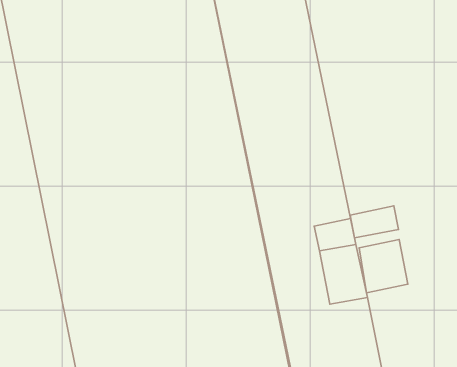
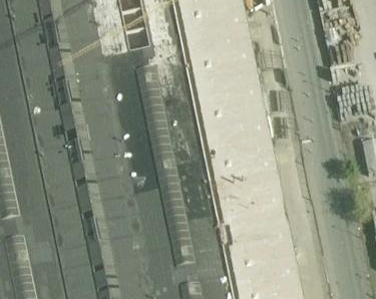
building: [350,206,399,238] -> none
building: [359,240,408,293] -> none

